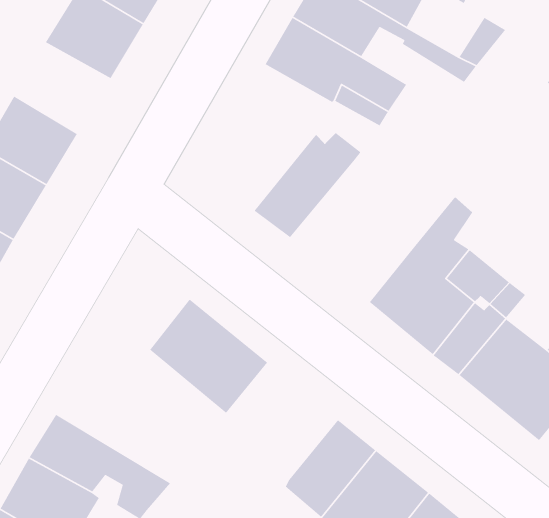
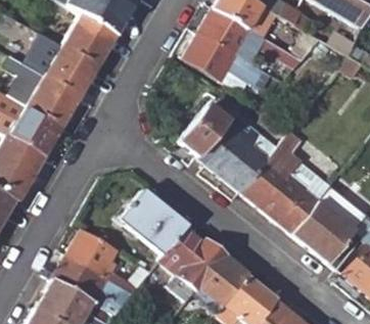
building: none -> [45,47,99,98]
building: none -> [199,113,269,192]
building: none -> [158,226,226,302]
building: none -> [68,229,150,293]

